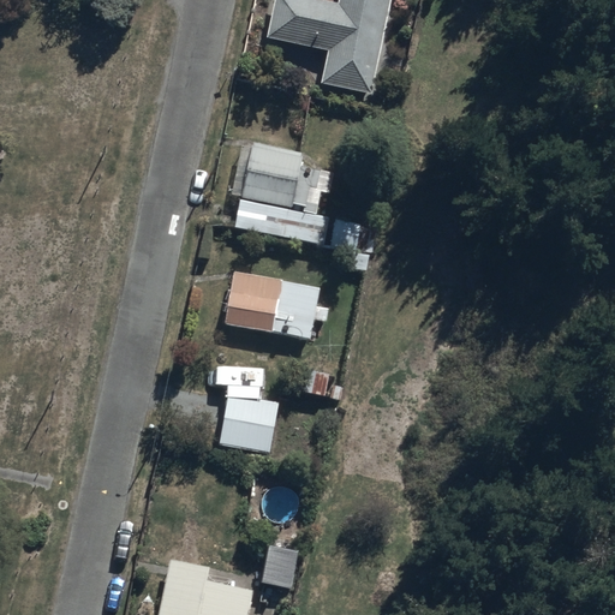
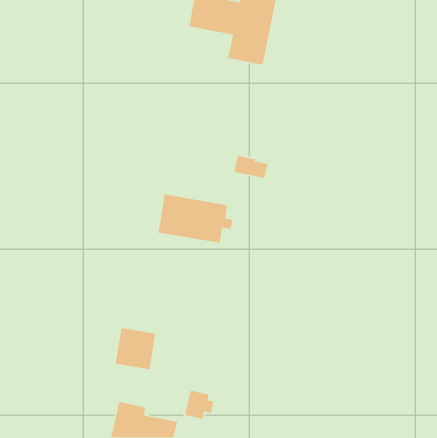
building: [234,144,335,245] -> none
building: [221,393,279,453] -> [115,327,156,370]

